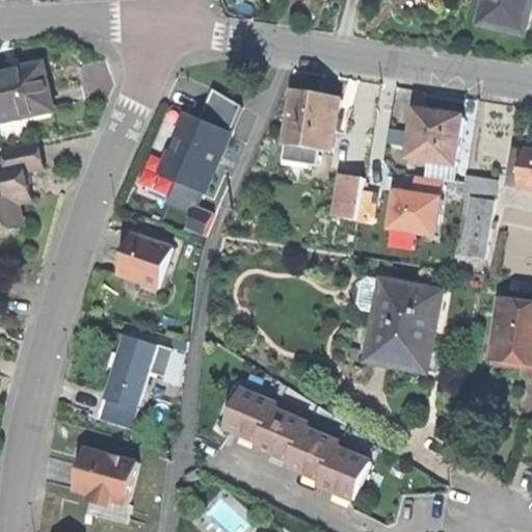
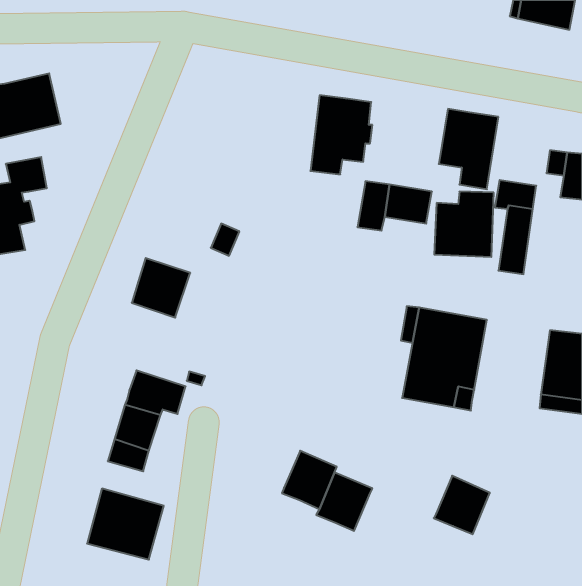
building: [140,90,241,195] -> none
building: [225,390,274,442] -> none
building: [319,447,370,500] -> [434,476,490,534]

